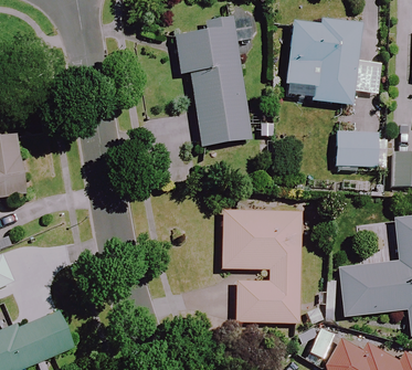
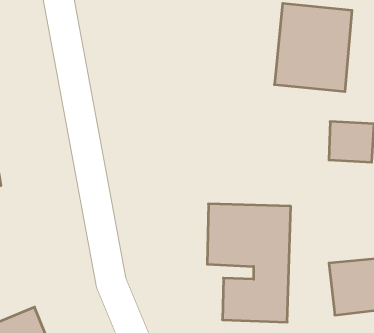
building: [173,23,251,146] -> none

